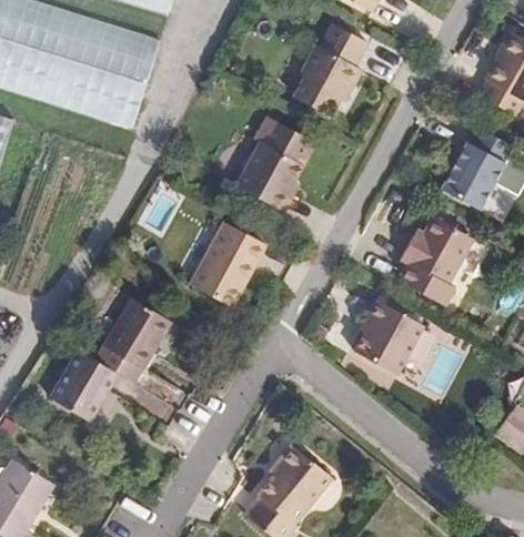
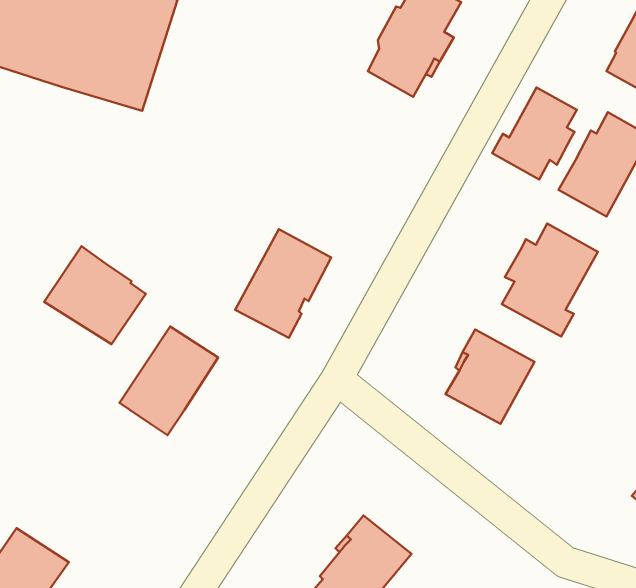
building: none -> [492,88,577,179]
building: [240,115,314,211] -> none
building: none -> [44,246,146,344]
building: [54,347,122,417] -> none

